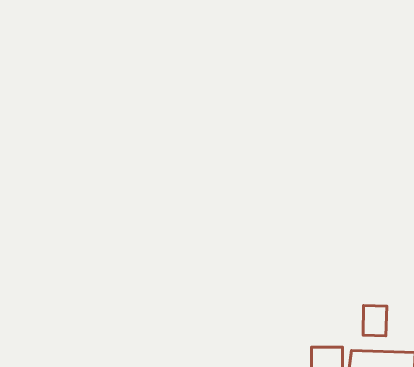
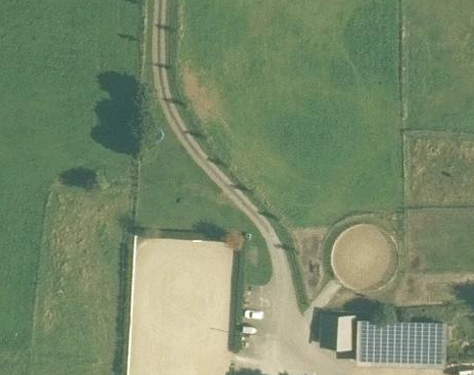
building: [363,306,387,336] -> none

